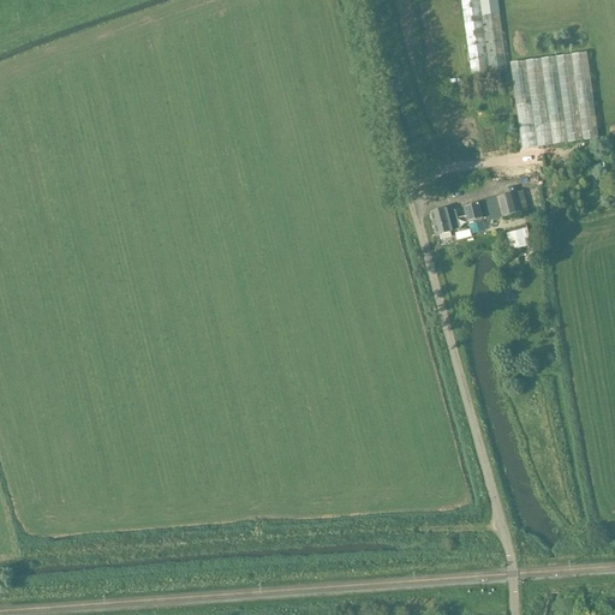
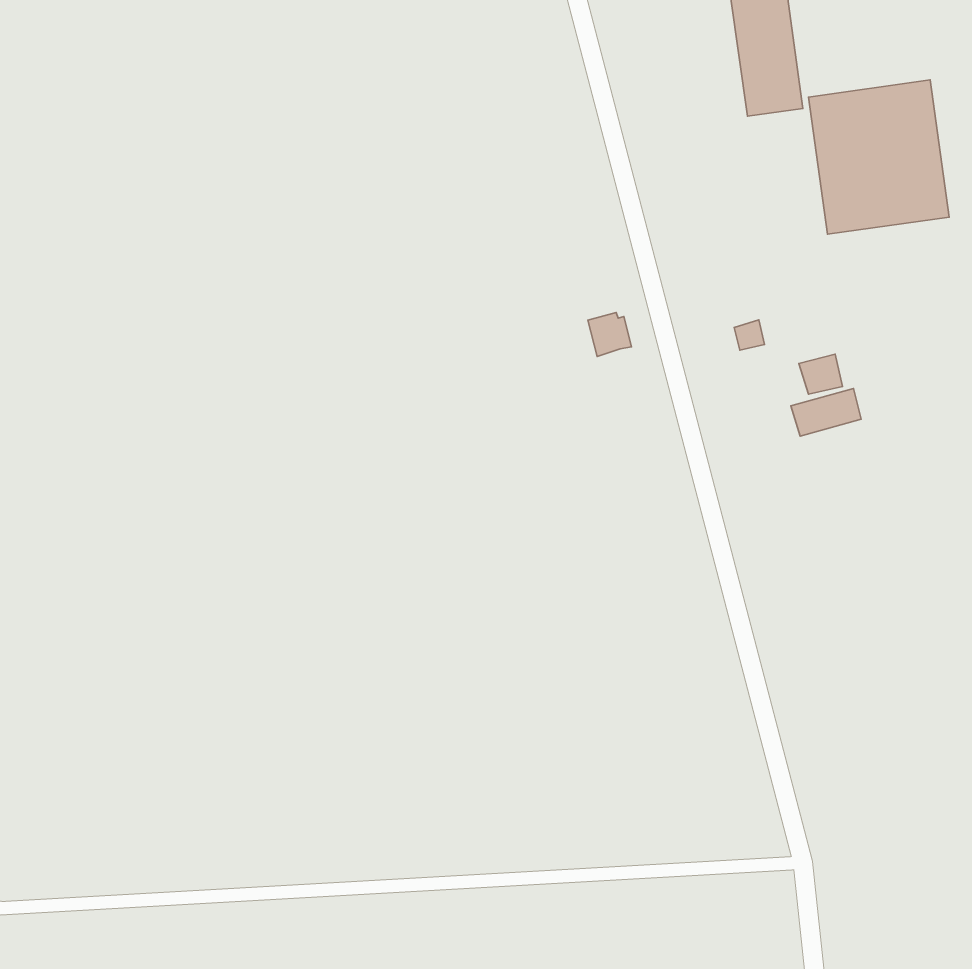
building: [484,189,529,219] -> [791,389,861,436]
building: [432,207,460,234] -> [588,313,631,356]

